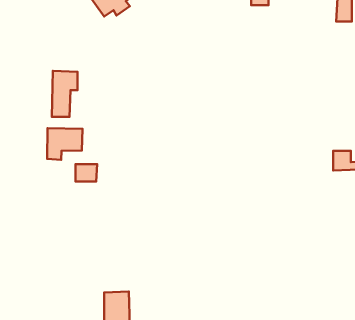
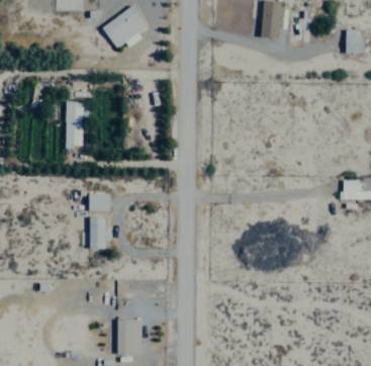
building: [47,128,83,160] -> none
building: none -> [90,216,105,249]

